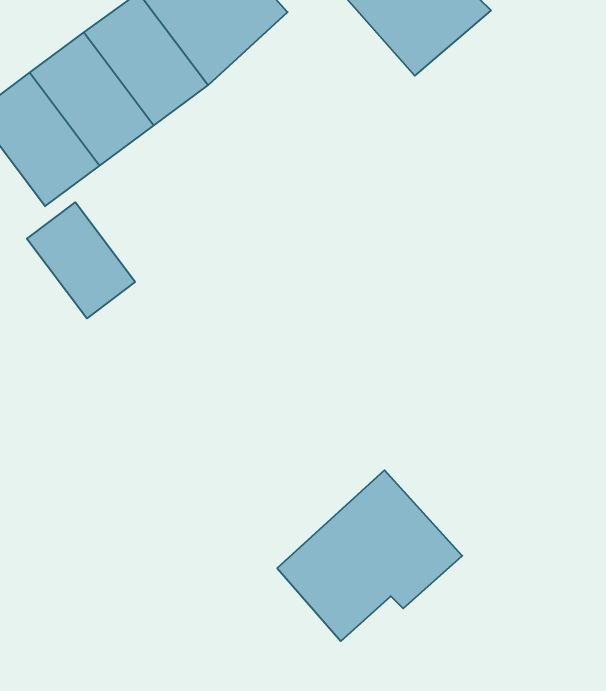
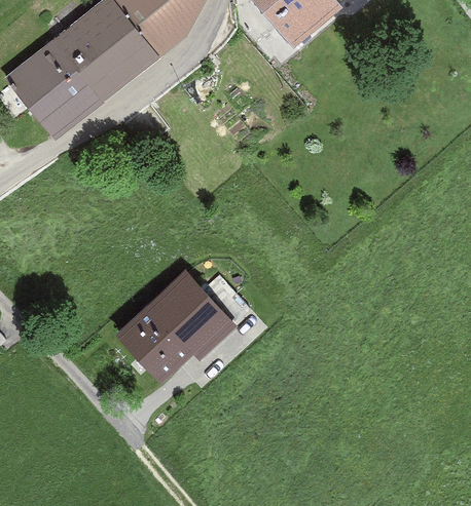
building: [27,202,135,318] -> none
building: [277,470,462,641] -> [115,269,238,382]

